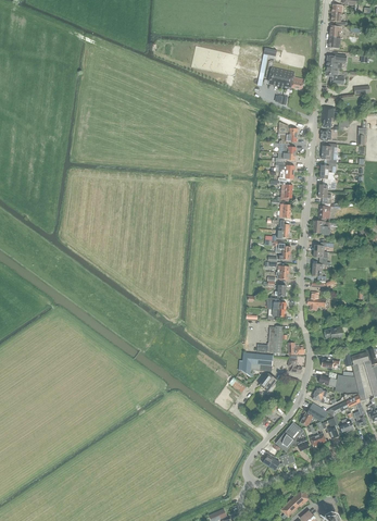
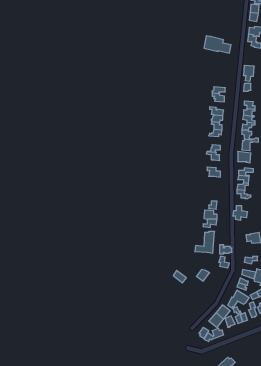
building: [241,352,273,376] -> none

